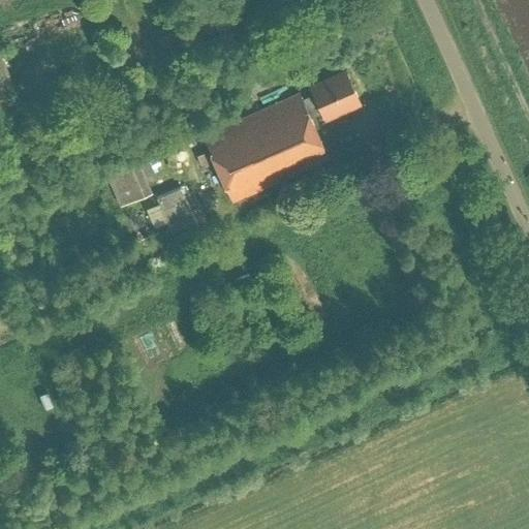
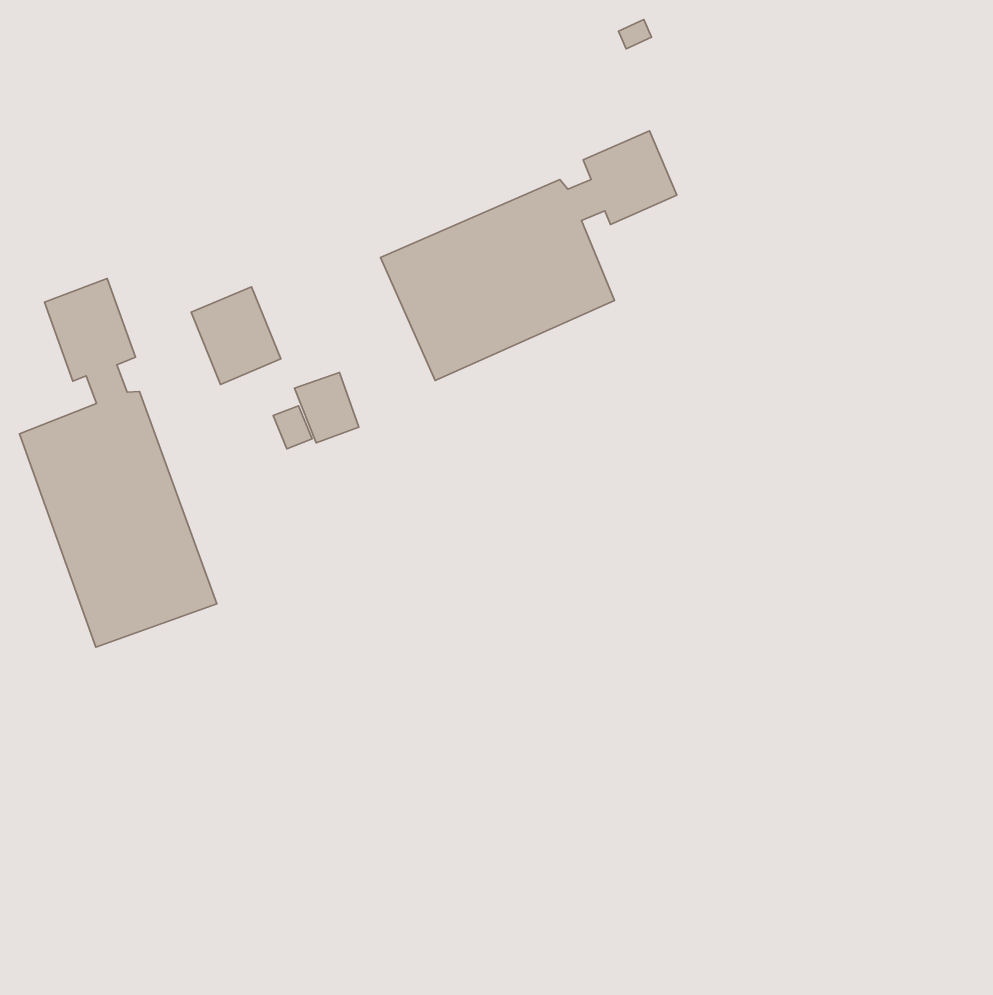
building: none -> [20,278,217,647]

